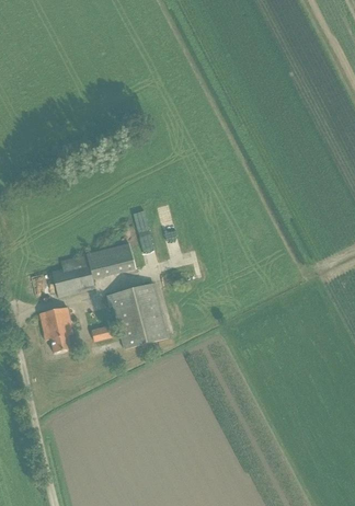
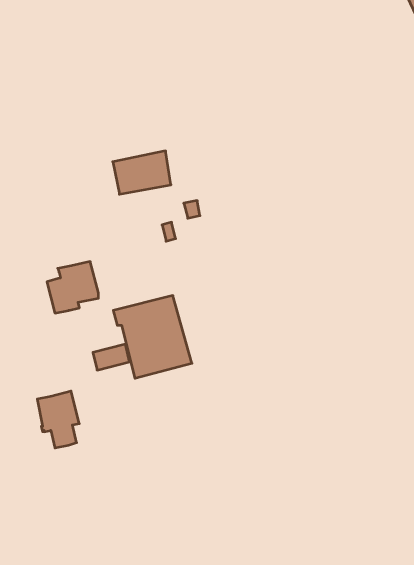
building: [91,244,138,279] -> [113,151,171,194]
building: [38,306,72,352] -> [37,391,79,448]

